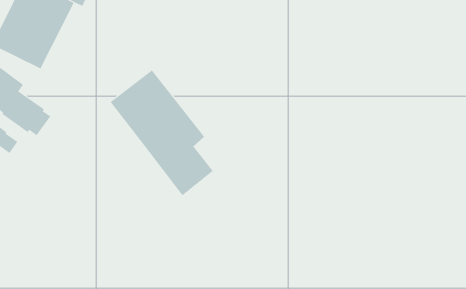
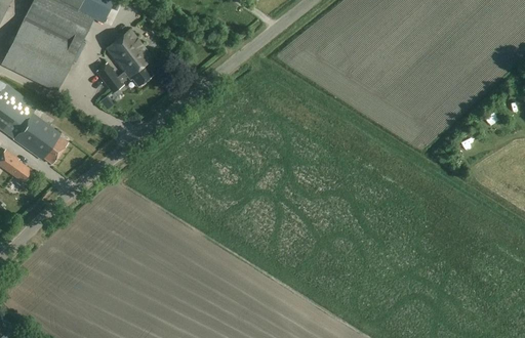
building: none -> [94,30,153,94]
building: [110,69,213,196] -> none

